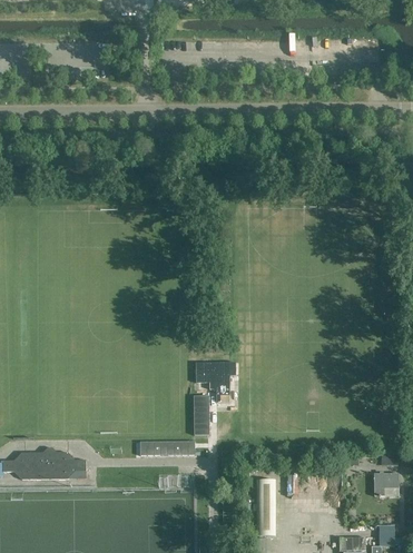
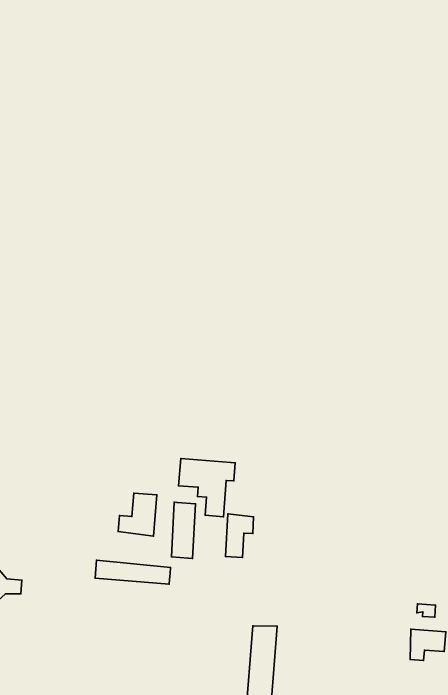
building: none -> [118,493,157,536]
building: none -> [226,514,254,557]

